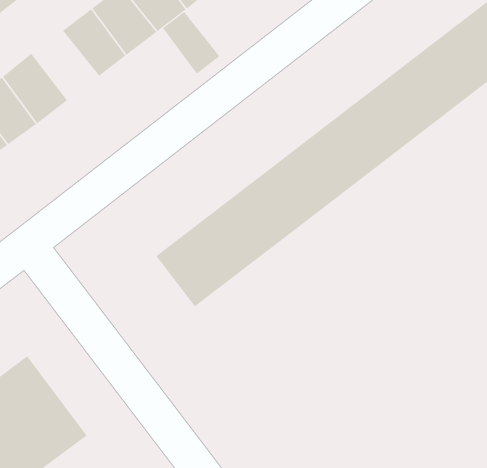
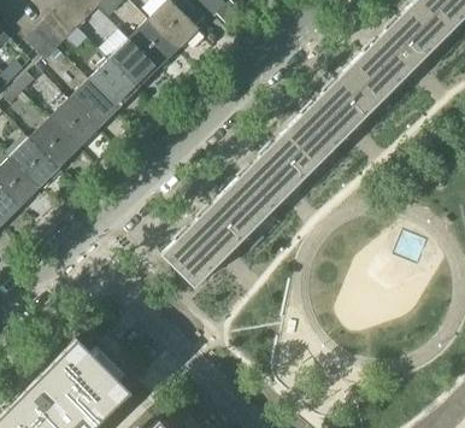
building: [162,11,220,74] -> none
building: none -> [49,96,101,147]

